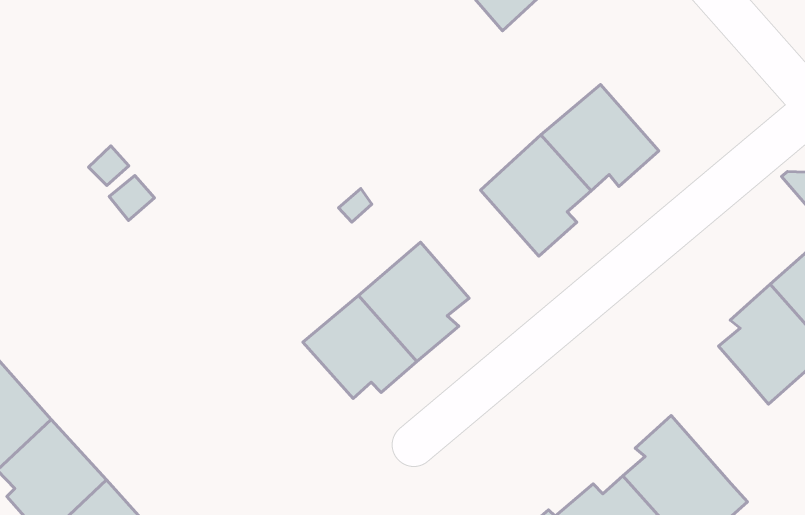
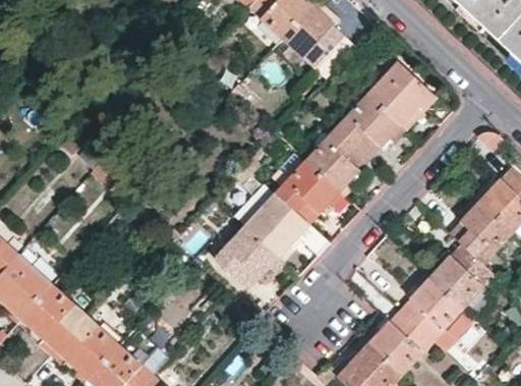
building: none -> [370,63,428,126]
building: none -> [279,159,346,220]
building: none -> [429,245,499,309]

